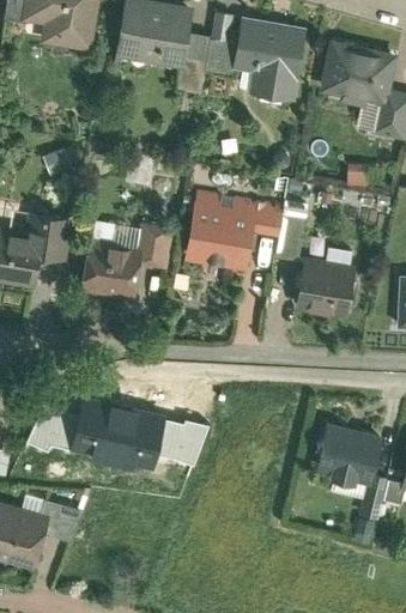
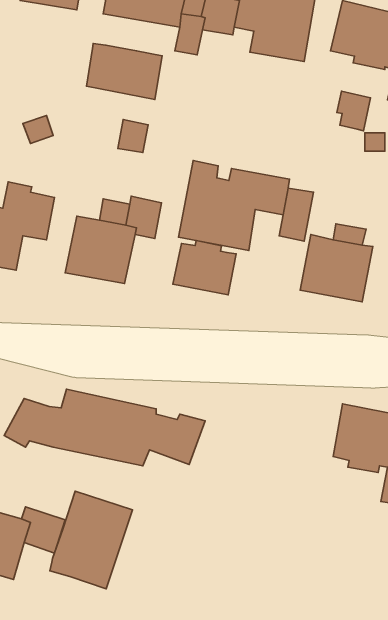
building: none -> [86,43,162,100]
building: none -> [337,91,370,131]
building: none -> [173,240,236,295]
building: none -> [50,491,132,589]

